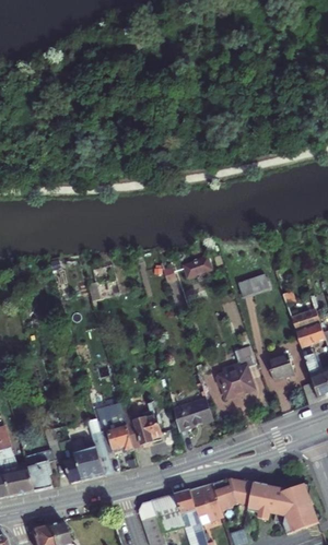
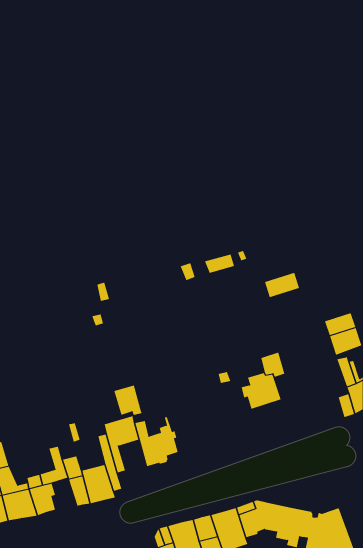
building: [267,353,294,381] -> none
building: [173,399,213,430] -> none
building: [107,424,133,451] -> [114,385,143,415]

